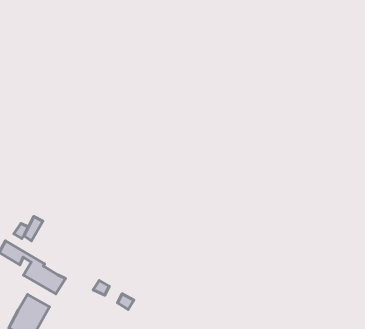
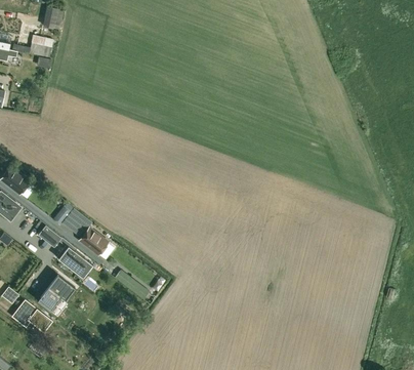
building: none -> [79,227,115,259]

